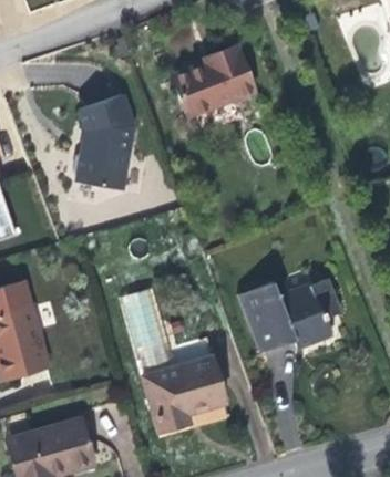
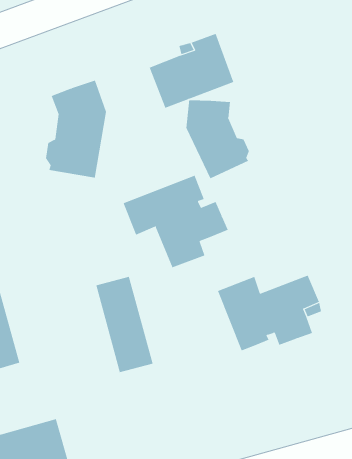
building: none -> [186,99,249,179]
building: none -> [123,175,228,268]
building: [145,355,227,431] -> none

